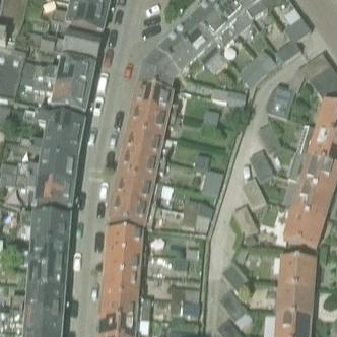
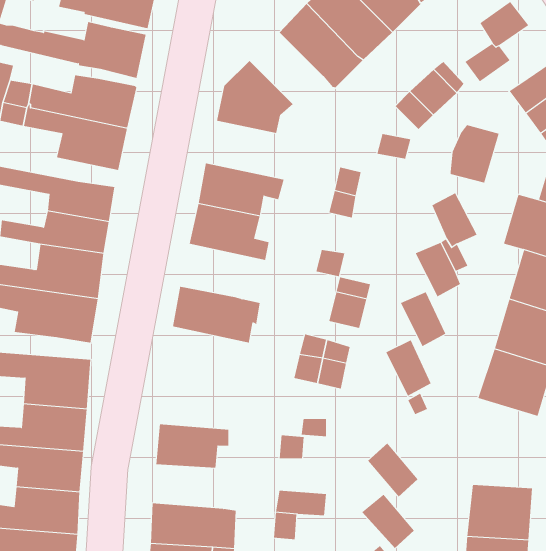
building: [156,36,197,77] -> none
building: [132,84,178,117] -> none
building: [118,152,165,183] -> none
building: [109,198,156,228] -> none
building: [107,229,146,255] -> none
building: [279,256,315,287] -> none
building: [103,274,143,298] -> none

